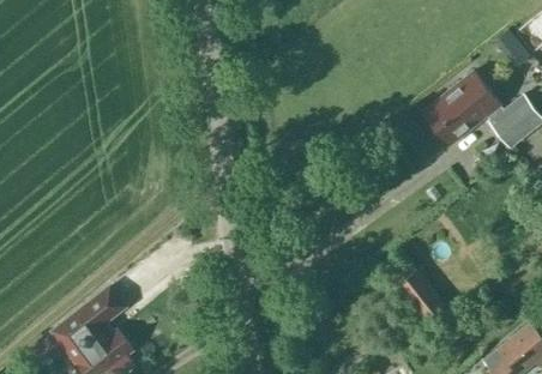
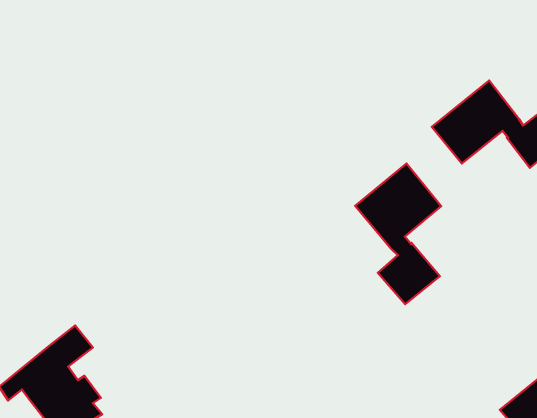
building: none -> [355,164,441,304]
building: [395,270,445,324] -> none

